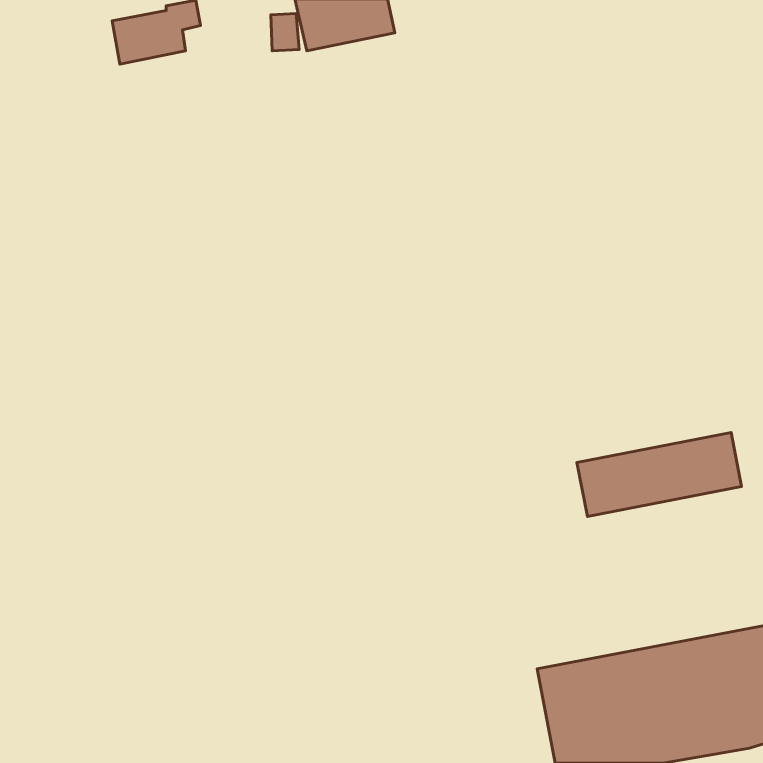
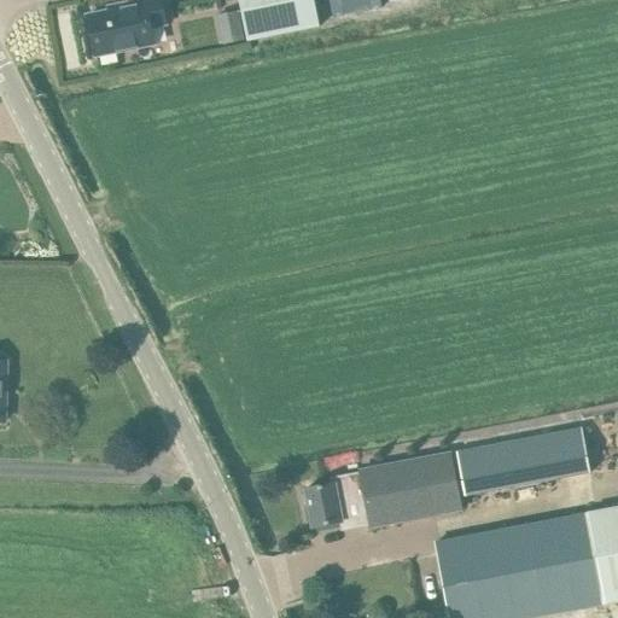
building: [577,433,742,516] -> [457,428,590,496]
building: none -> [305,450,462,527]

